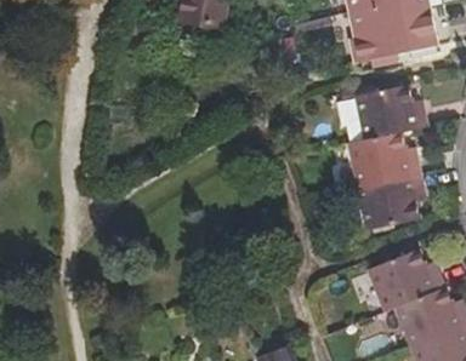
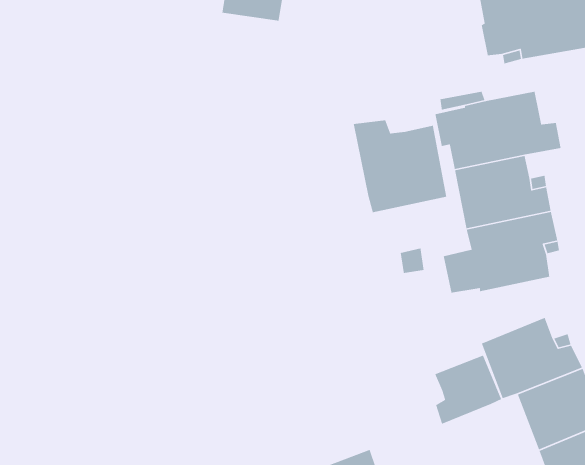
building: none -> [353,119,447,213]
building: none -> [434,355,502,425]

